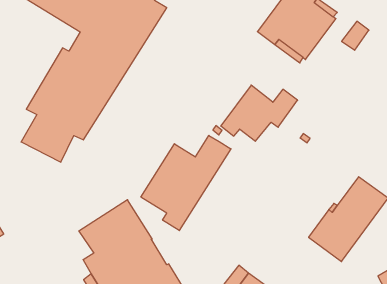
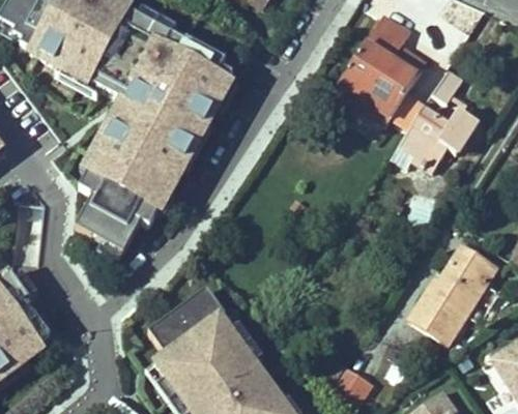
building: [221,85,298,141] -> [393,107,478,170]
building: [141,135,231,231] -> none

